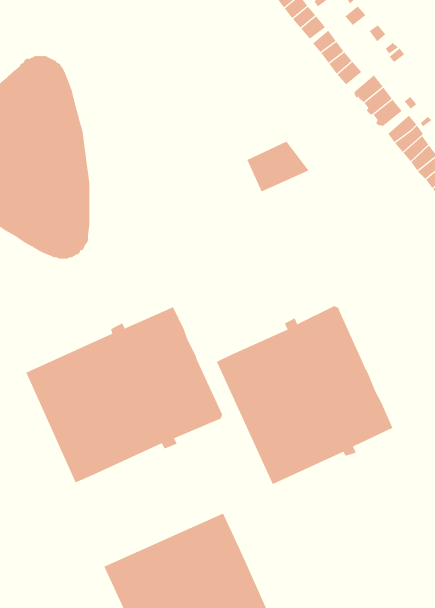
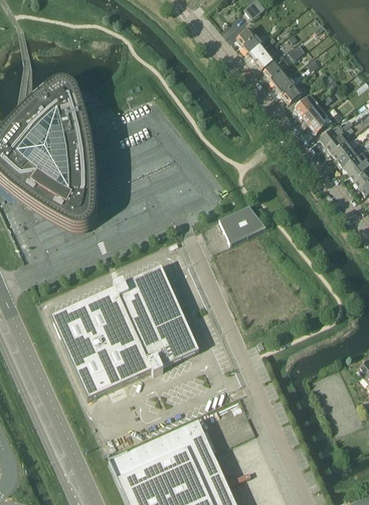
building: [246,141,310,192] -> [218,205,265,243]
building: [216,305,393,485] -> none

